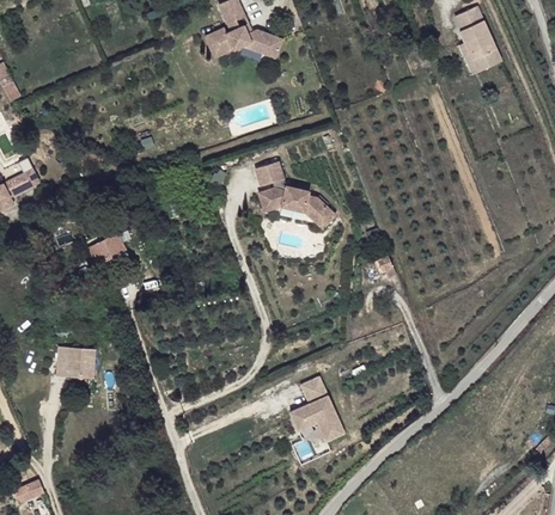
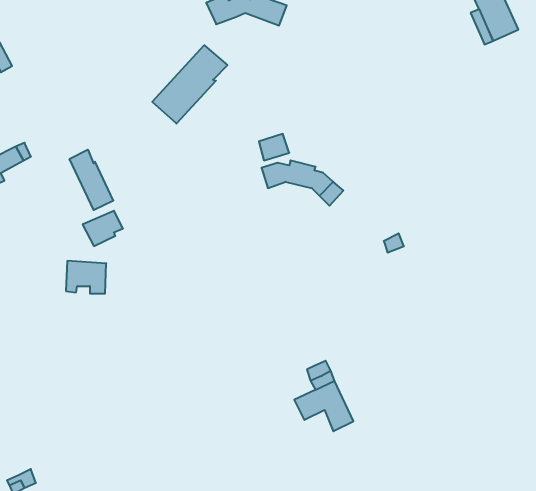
building: none -> [152,45,227,124]
building: none -> [70,150,113,210]
building: [56,347,94,378] -> [66,261,106,294]

